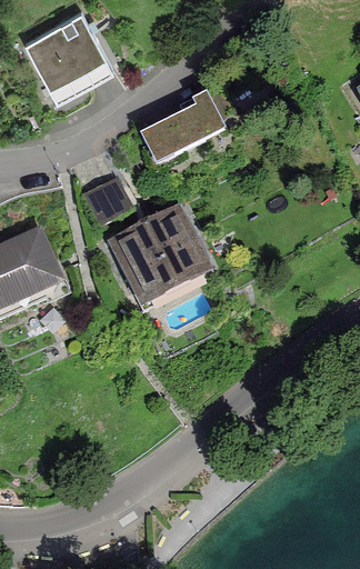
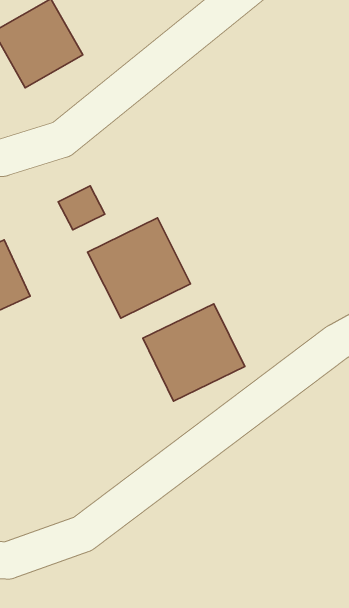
building: [142,93,221,161] -> none
building: none -> [143,304,245,401]

